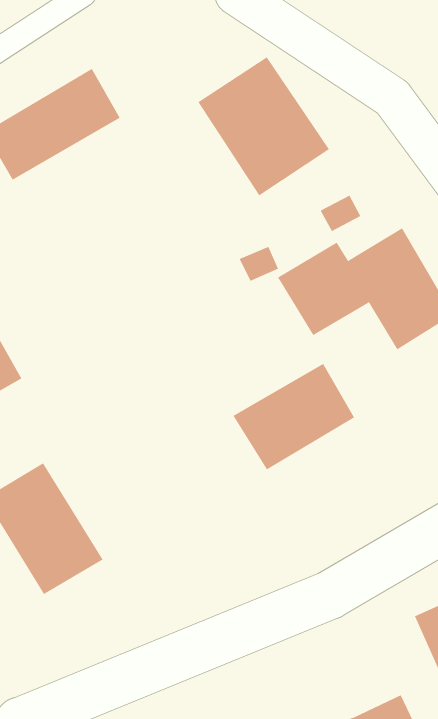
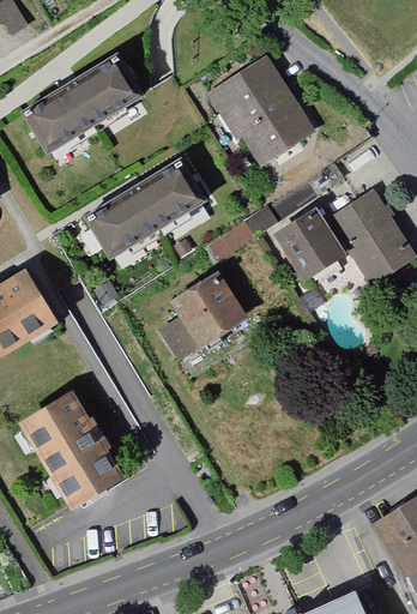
building: none -> [78,159,208,271]
building: [232,363,355,470] -> [141,276,244,366]

